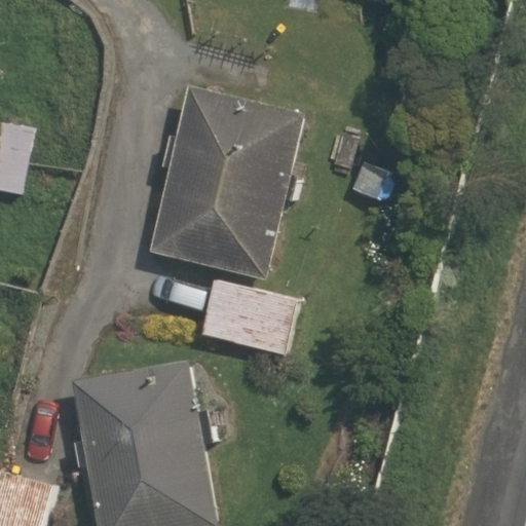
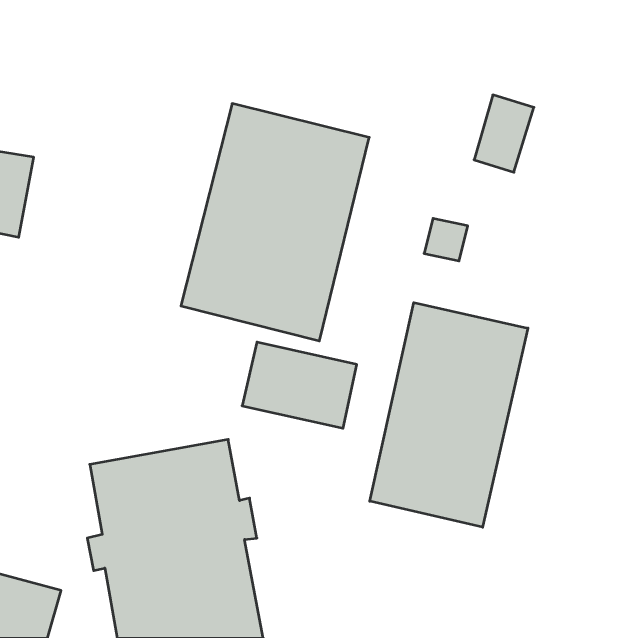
building: none -> [370,303,528,527]

